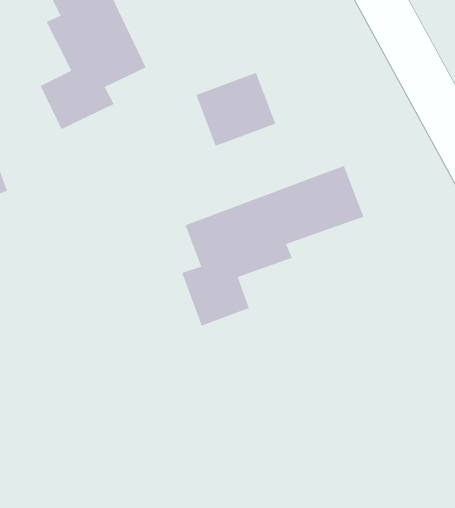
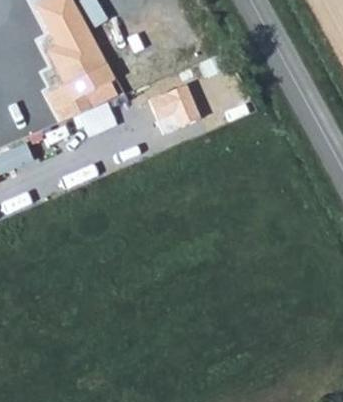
building: [181,165,364,327] -> none

